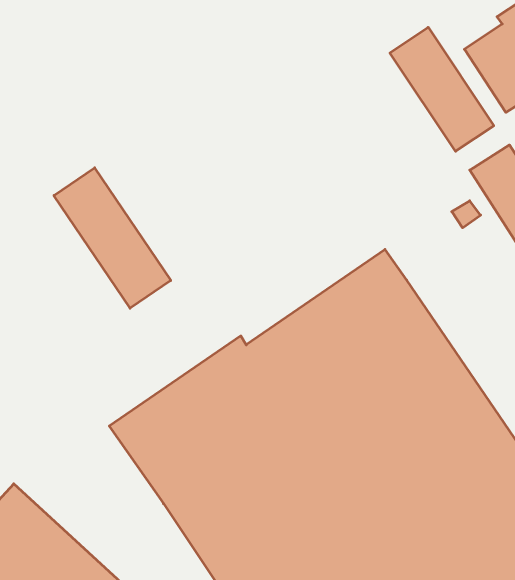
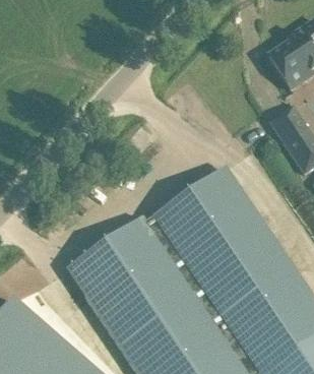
building: [390,27,494,151] -> none
building: [54,168,171,308] -> none

